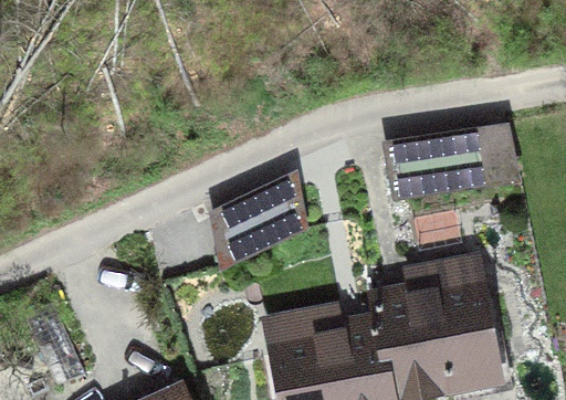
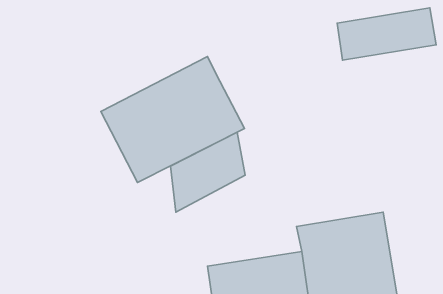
building: none -> [101,57,244,183]
building: [396,122,517,186] -> [337,8,436,60]

